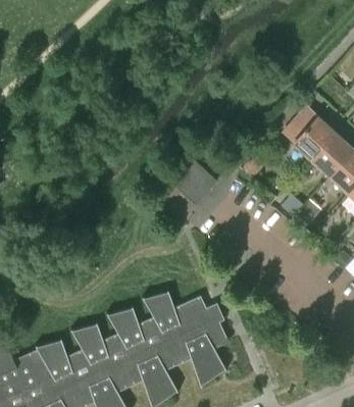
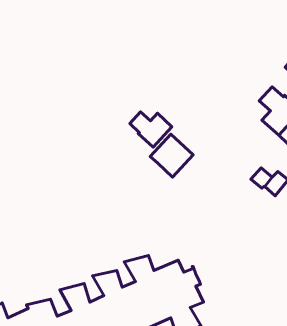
building: none -> [130,112,172,147]

